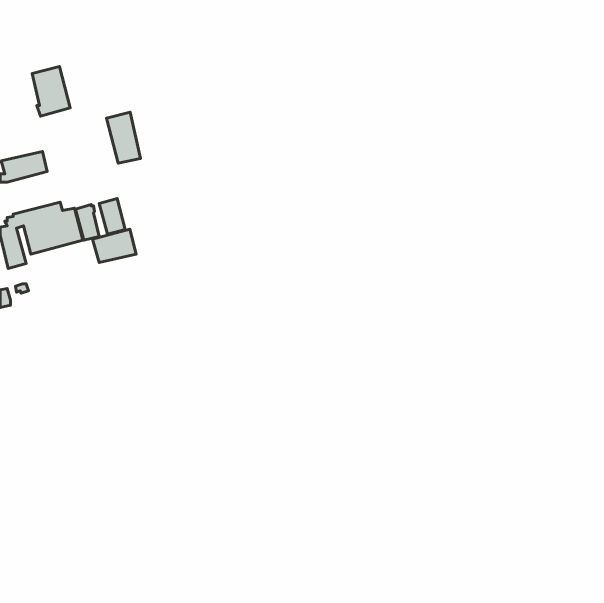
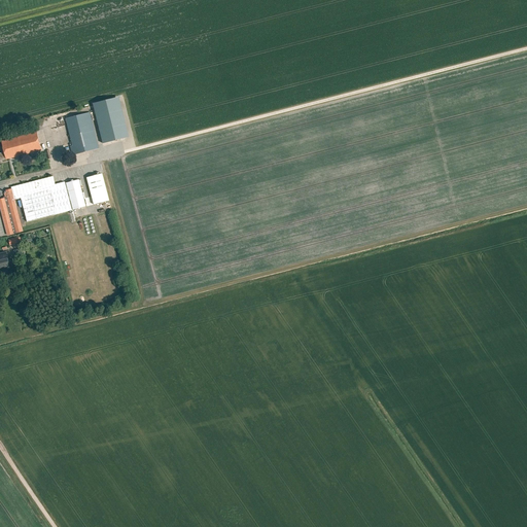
building: [32,67,70,116] -> [66,111,99,154]
building: [92,229,136,263] -> none

